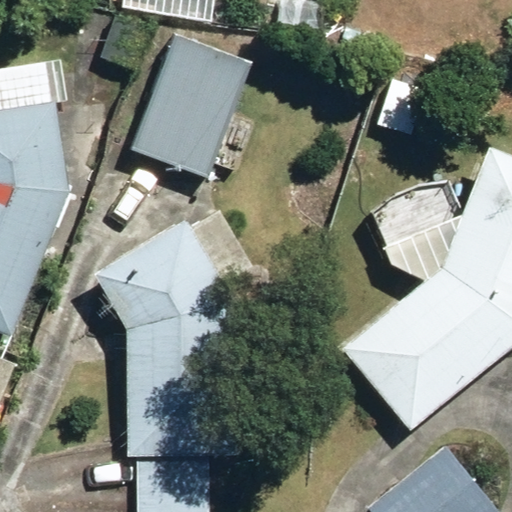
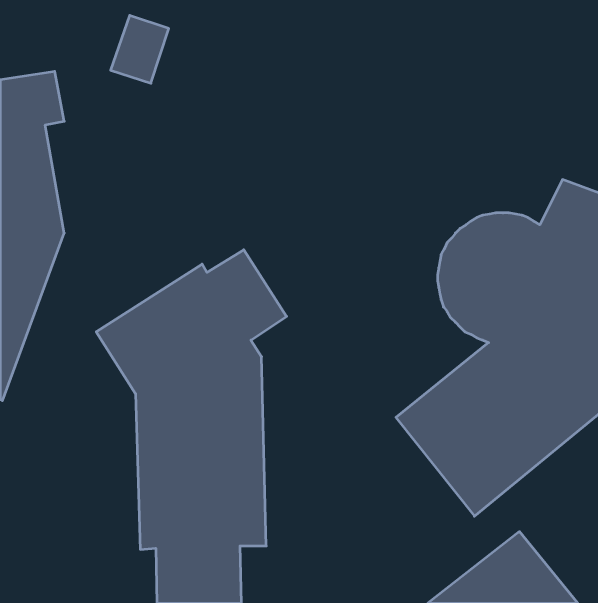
building: [130,35,252,178] -> none

